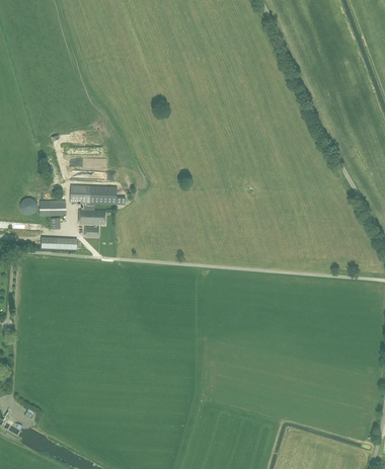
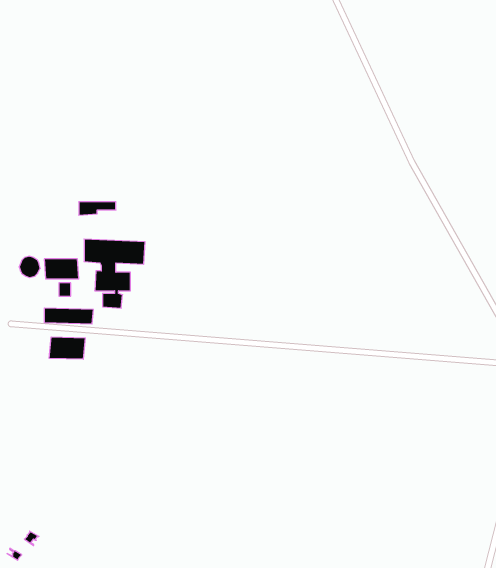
building: none -> [49,337,85,359]

